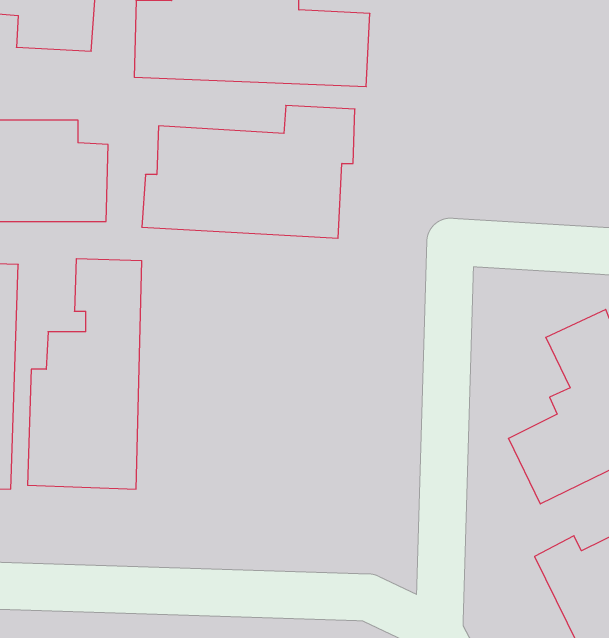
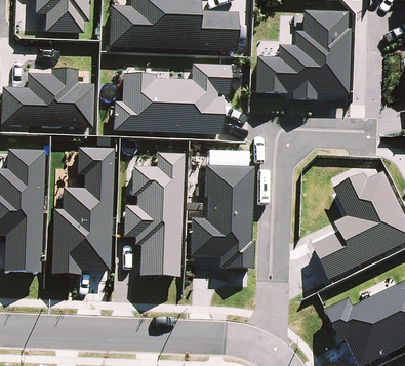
building: none -> [255,11,349,94]
building: none -> [123,151,185,275]
building: none -> [190,164,252,268]

